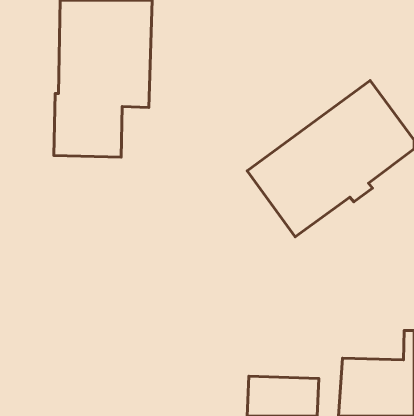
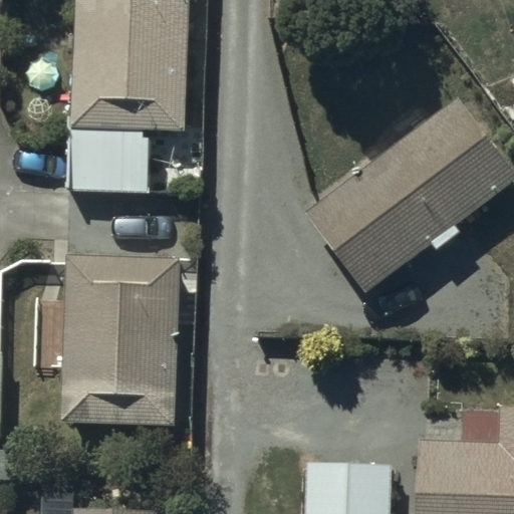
building: none -> [60,255,181,426]

